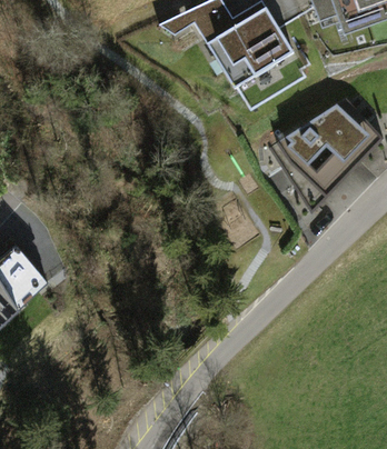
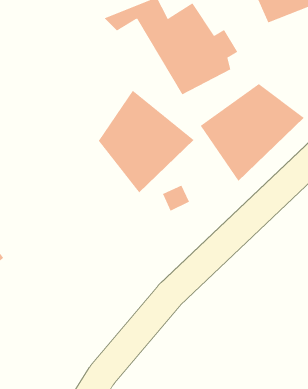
building: none -> [98,90,195,193]

